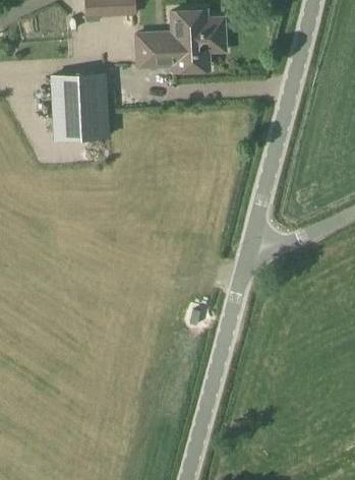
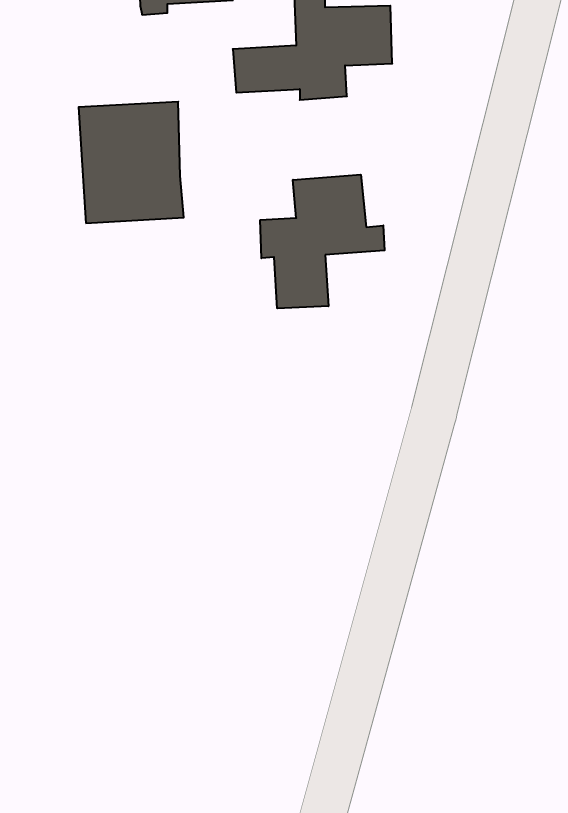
building: none -> [260,175,385,308]

